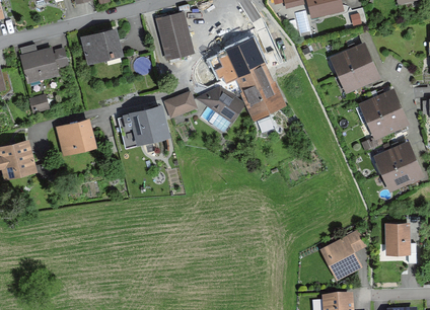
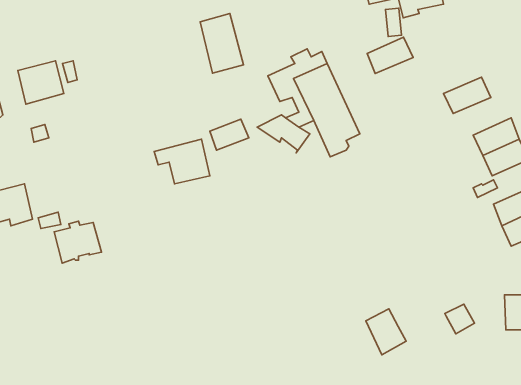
building: [83,30,119,61] -> none
building: [335,46,369,73] -> [367,37,413,74]
building: [58,121,93,152] -> [54,221,101,263]
building: [326,240,356,275] -> [366,309,406,355]

